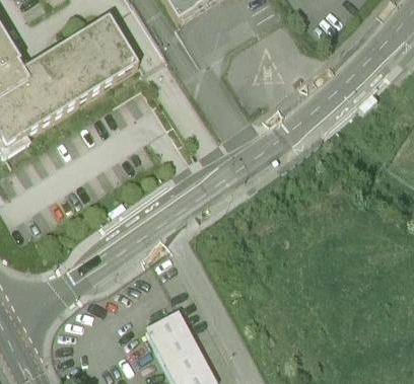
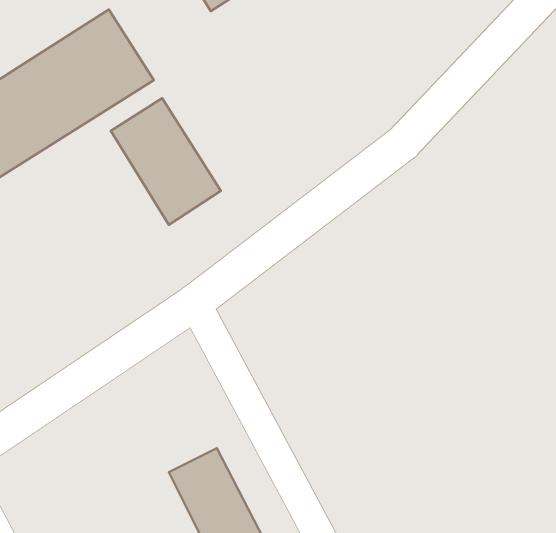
building: none -> [111,98,221,225]

